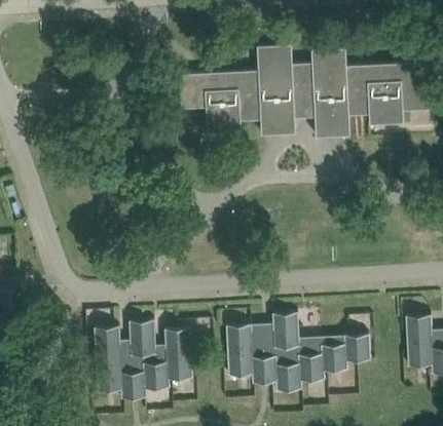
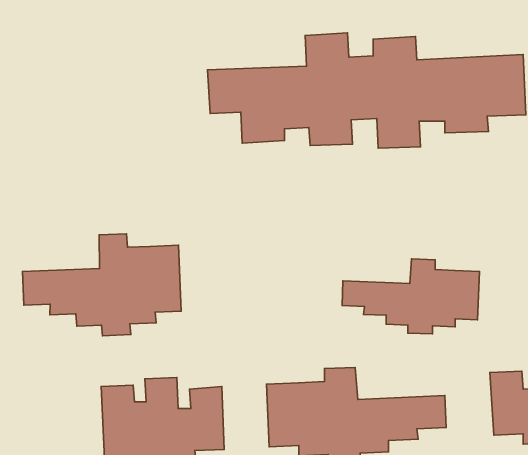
building: none -> [22,234,181,336]
building: none -> [342,259,479,334]

